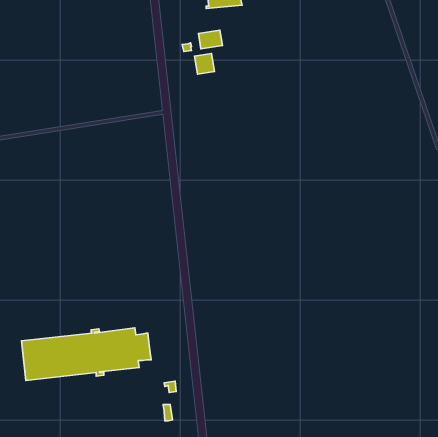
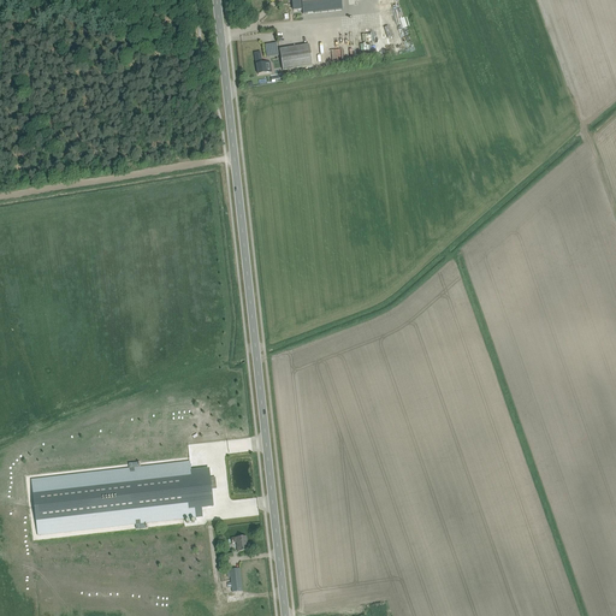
building: [195,53,215,74] -> none

